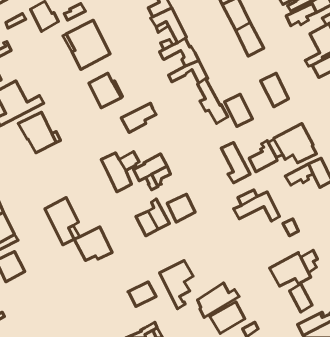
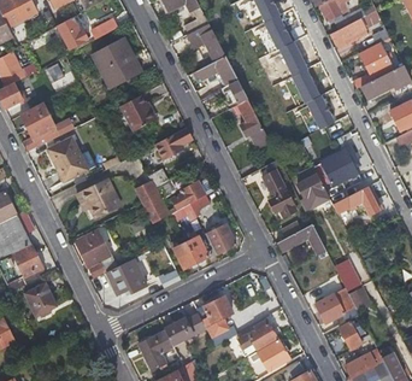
building: [224,94,253,127] -> [292,68,322,102]
building: none -> [76,178,120,217]
building: none -> [137,330,172,370]

